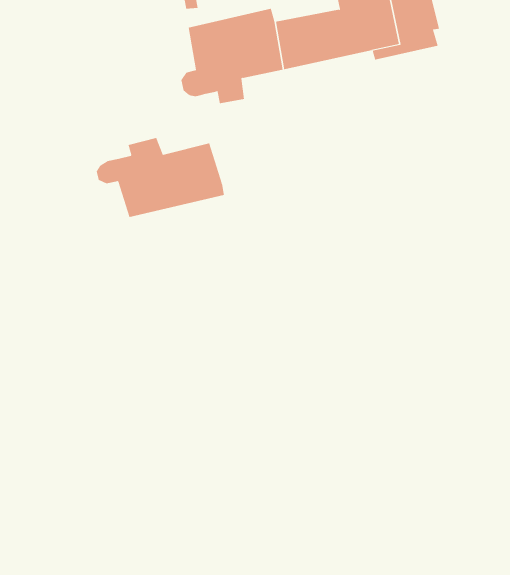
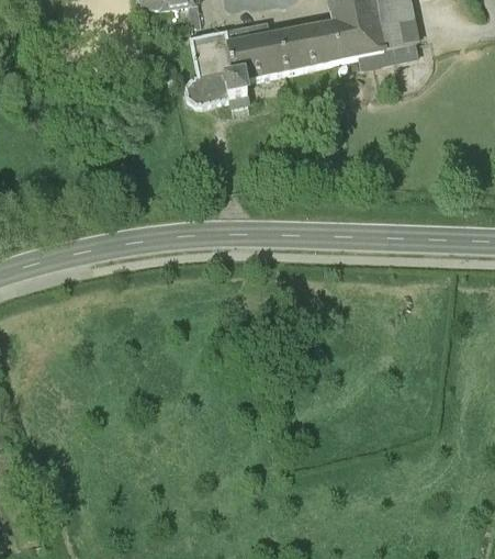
building: [96,137,224,218] -> none

